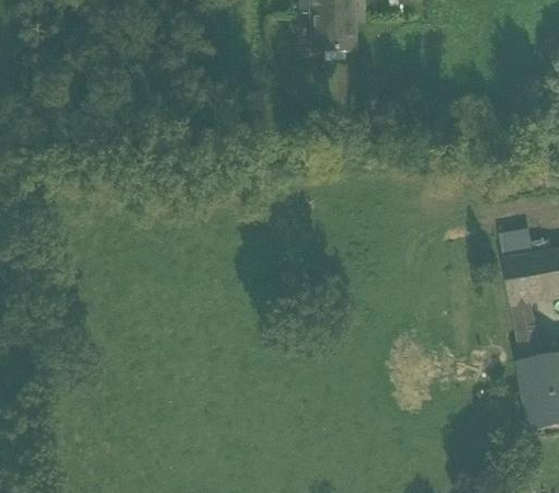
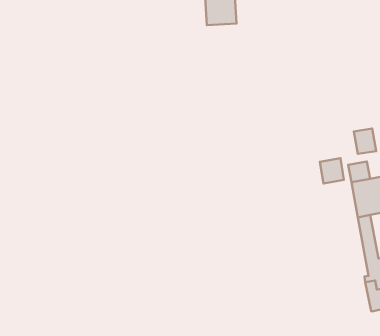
building: none -> [354,129,376,154]
building: none -> [320,158,344,183]

